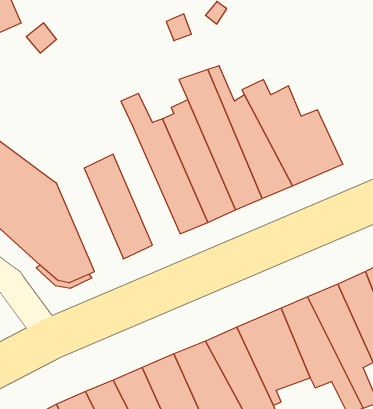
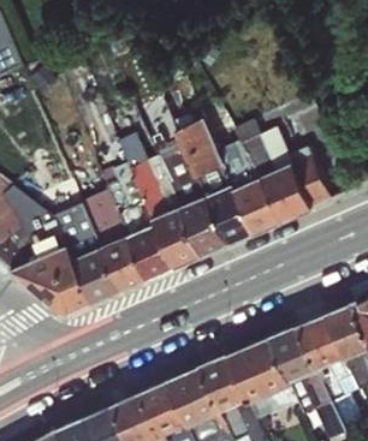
building: none -> [102,162,174,276]
building: none -> [53,203,120,302]

